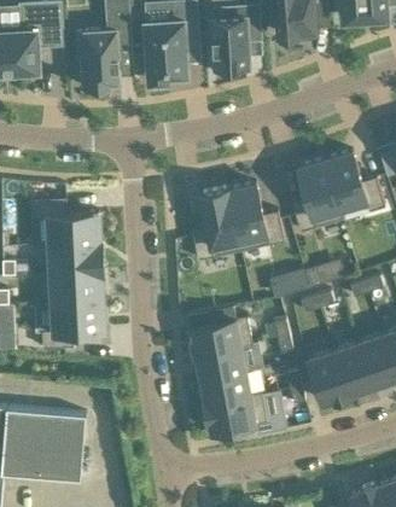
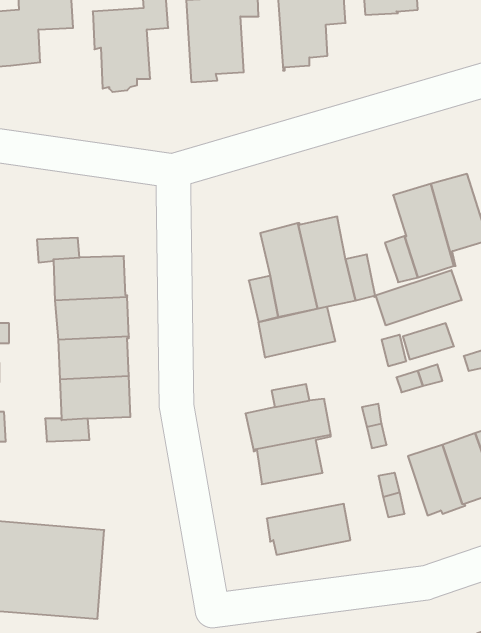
building: none -> [374,270,462,325]
building: none -> [259,307,335,358]
building: [200,373,261,407] -> none

